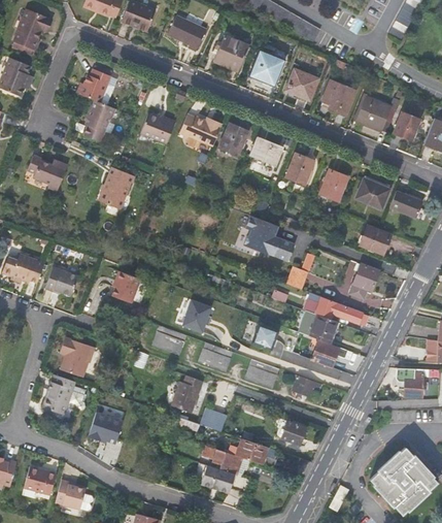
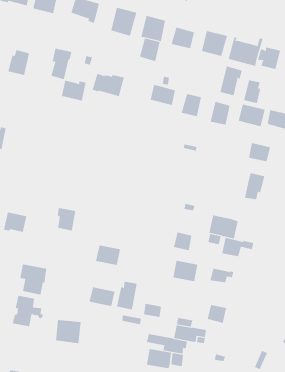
building: [83,100,114,141] -> [51,48,72,80]
building: [219,123,248,155] -> [139,38,160,62]
building: none -> [220,66,243,96]
building: none -> [244,80,261,104]
building: [100,167,133,208] -> none
building: [243,215,295,260] -> none
building: [286,252,314,288] -> none
building: [303,291,369,325] -> none
building: [180,300,211,333] -> none
building: [199,341,233,371] -> none
building: none -> [89,287,115,307]

